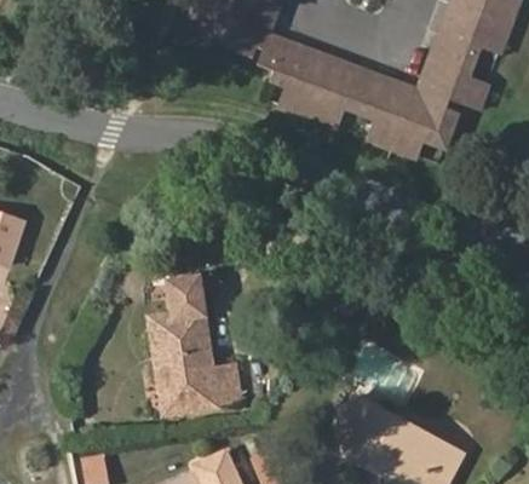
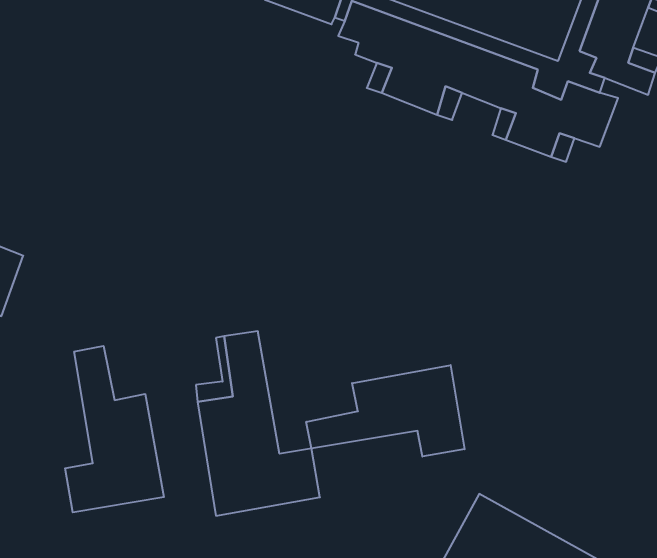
building: none -> [65,346,164,512]
building: none -> [306,365,465,457]

